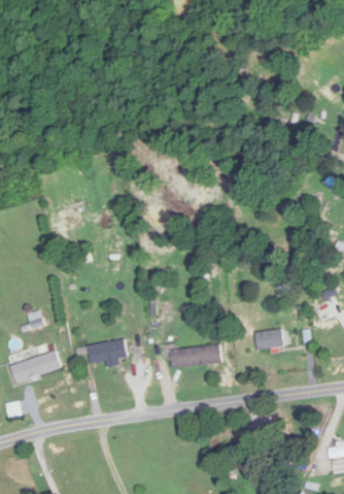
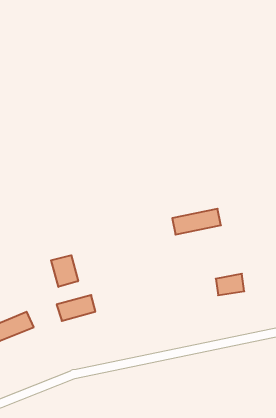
building: none -> [51,255,78,287]
building: [170,344,220,368] -> [172,209,221,235]

